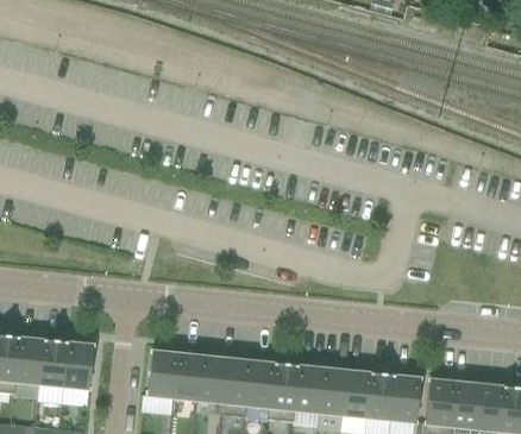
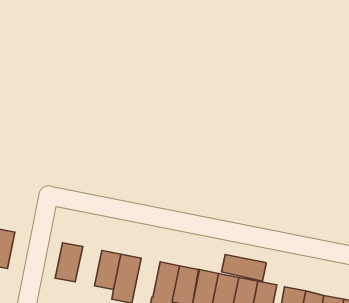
building: none -> [222,254,266,281]
building: [172,353,201,400] -> none
building: [245,360,274,407] -> none

